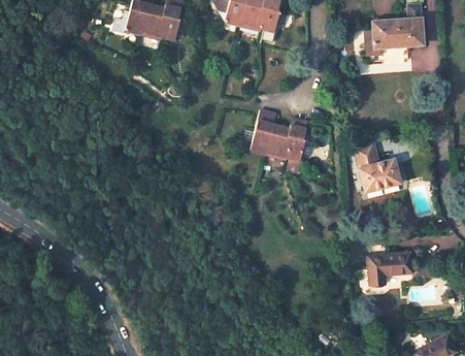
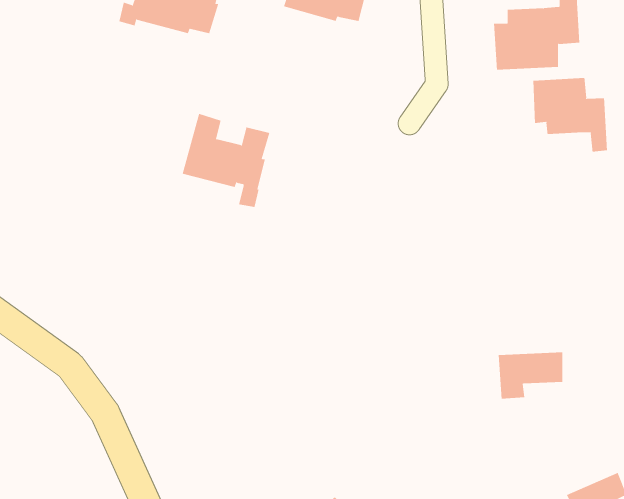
building: none -> [533,77,607,153]
building: [247,108,307,172] -> [182,113,270,207]
building: [358,155,401,190] -> none

